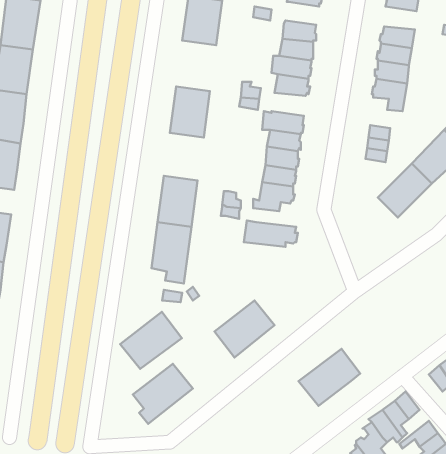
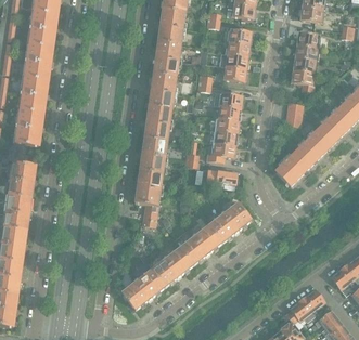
building: none -> [153,41,181,77]
building: none -> [144,106,172,140]
building: none -> [275,152,309,185]
building: [120,312,182,369] -> [151,246,194,286]
building: [298,349,360,406] -> [208,201,252,241]

